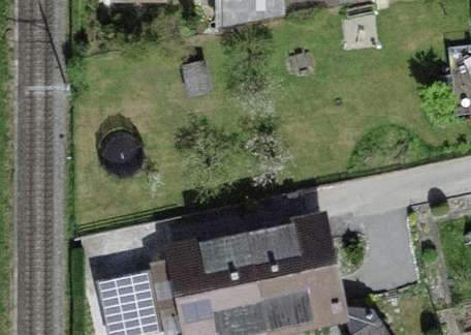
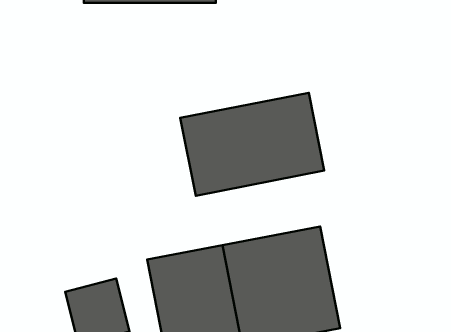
building: none -> [180,93,324,196]

